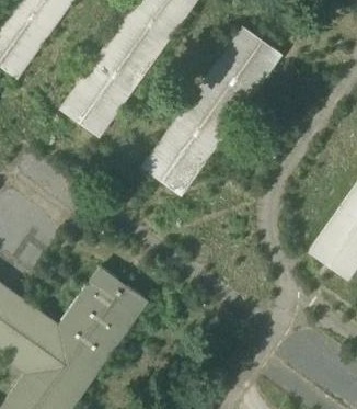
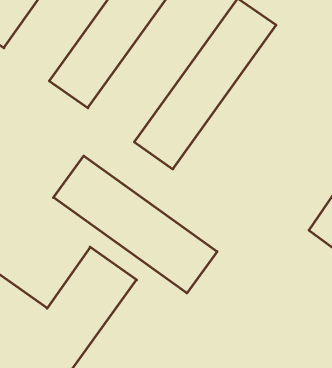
building: none -> [53,156,217,293]

